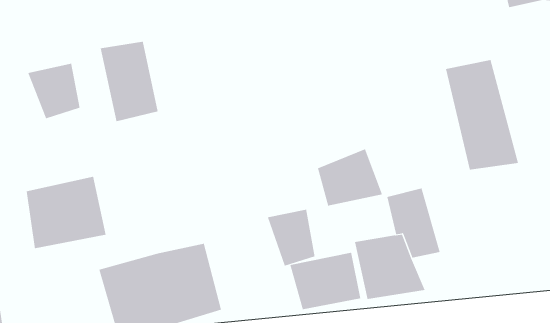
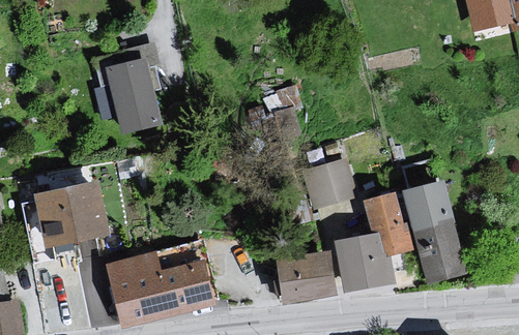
building: [445,60,519,170] -> [403,181,469,280]
building: [27,63,80,119] -> none
building: [267,209,315,267] -> none

